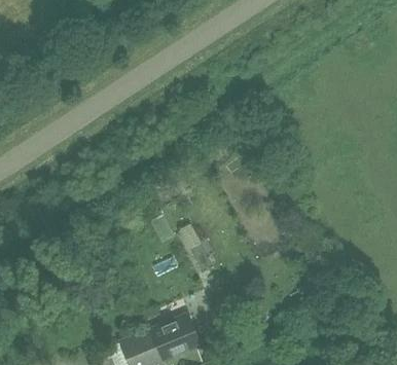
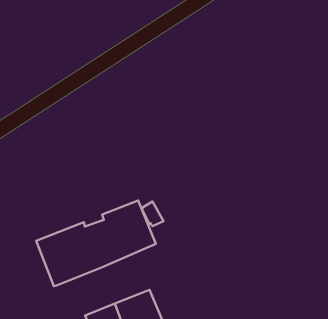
building: none -> [36,200,156,286]

